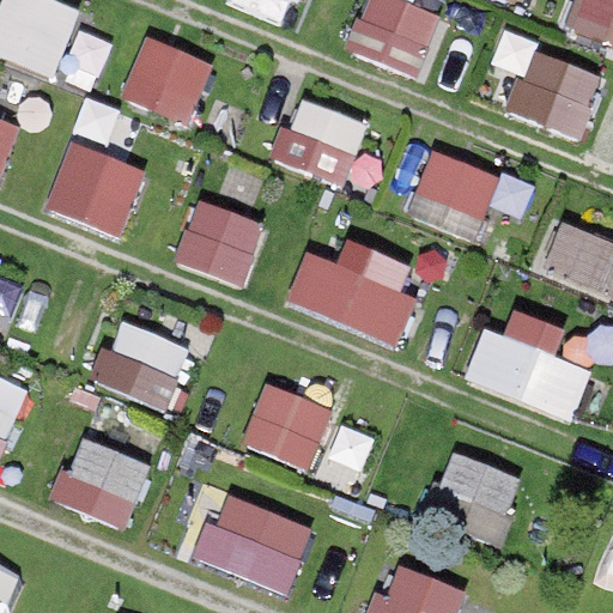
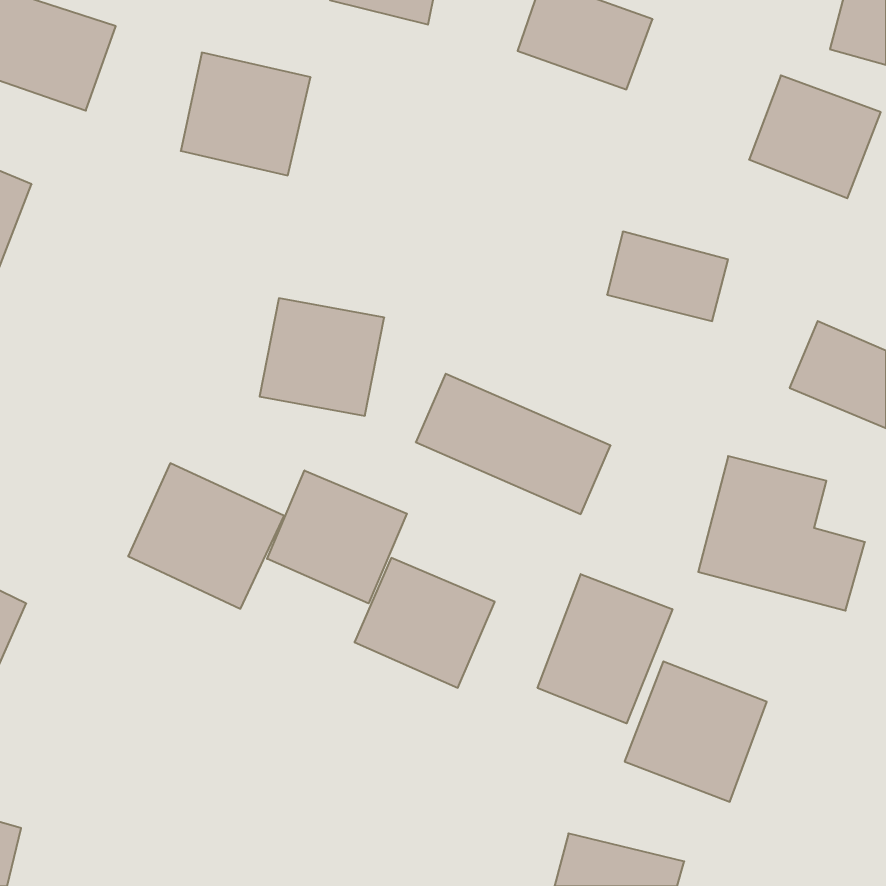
building: [272,98,369,188] -> none
building: [43,138,146,233] -> none
building: none -> [267,470,407,603]
building: none -> [538,574,672,723]
building: [55,437,154,528] -> none
building: [200,497,312,591] -> none

